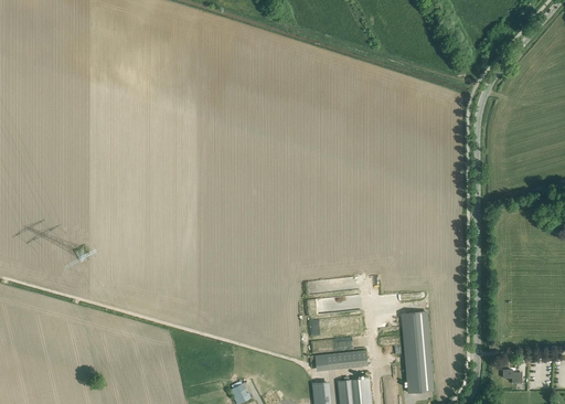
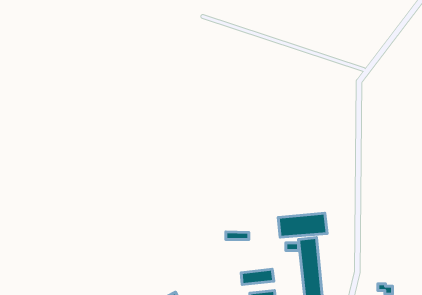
building: none -> [278,213,327,237]

